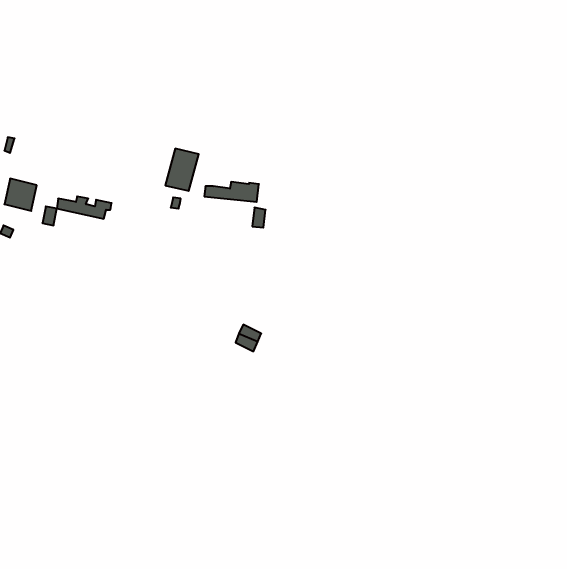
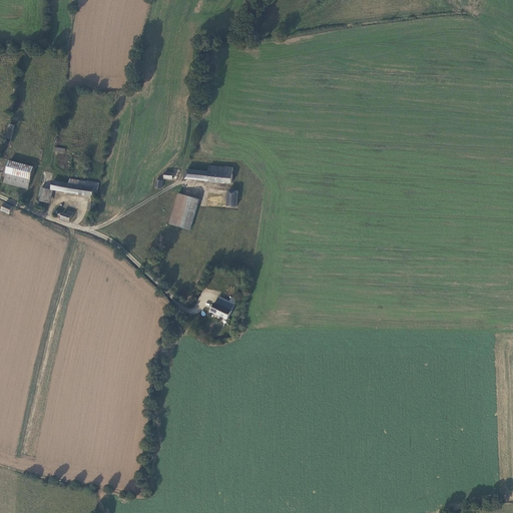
building: [165,149,199,191] -> [167,192,197,230]

